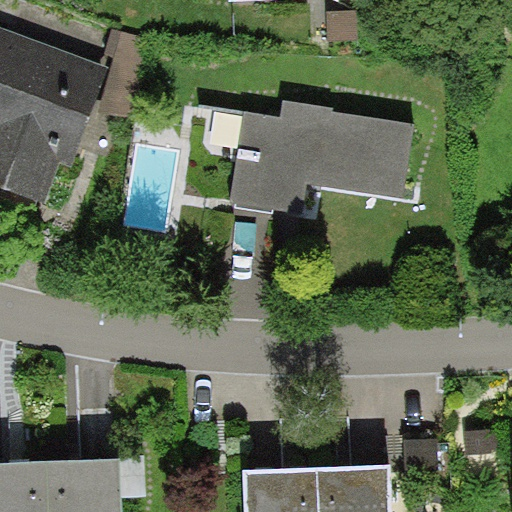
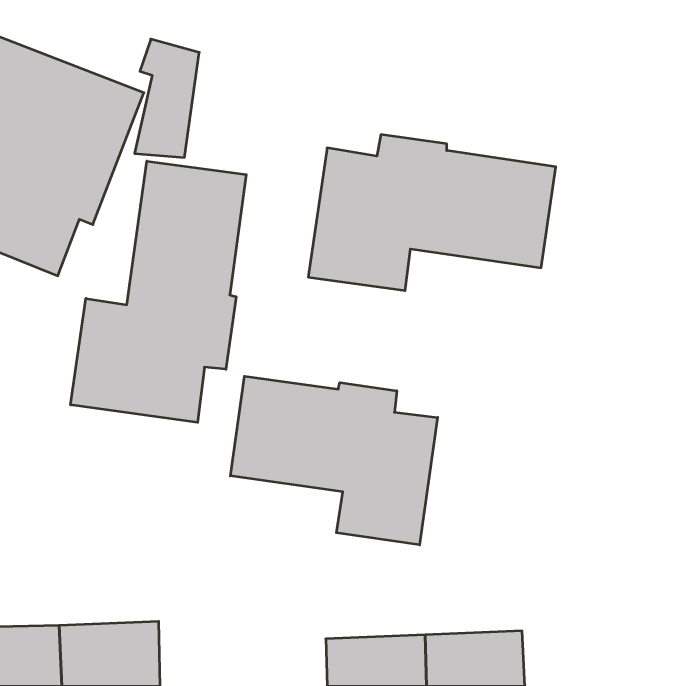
building: none -> [71,161,246,422]
building: none -> [230,376,438,545]

